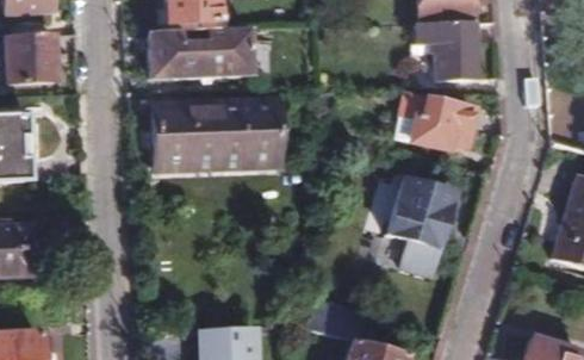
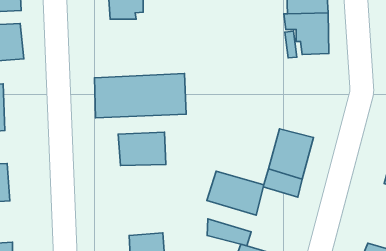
building: [148,25,259,76] -> none
building: [408,97,479,150] -> none
building: none -> [118,132,166,166]
building: none -> [207,171,264,215]

